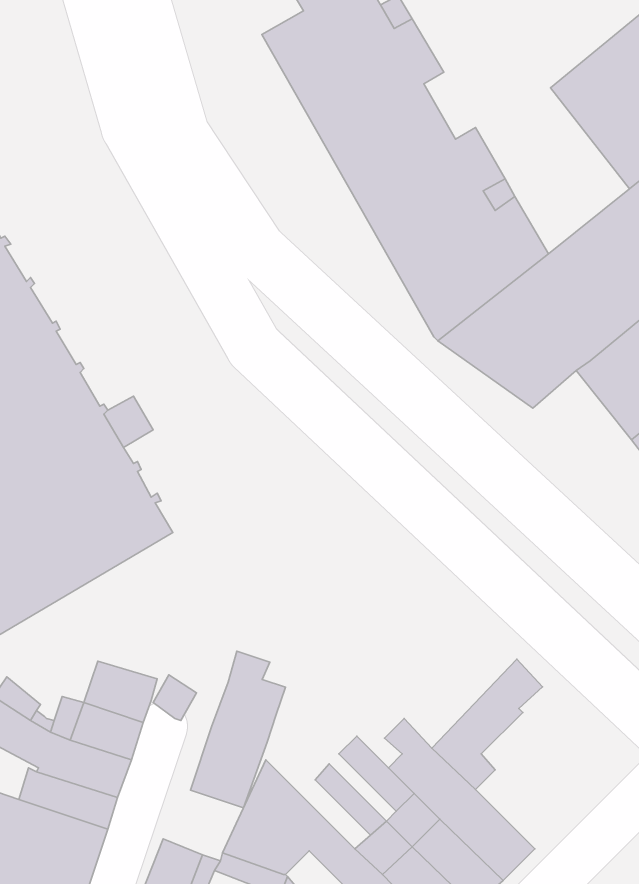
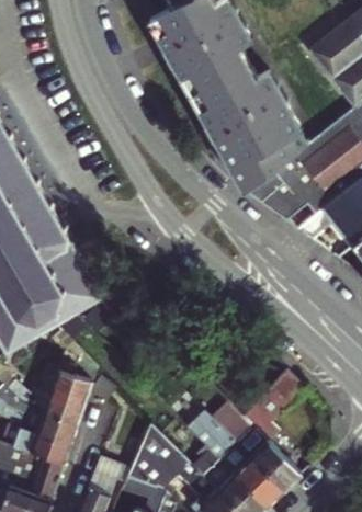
building: [190,651,285,808] -> none

